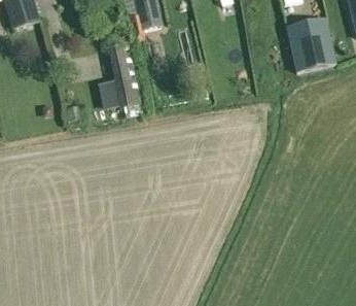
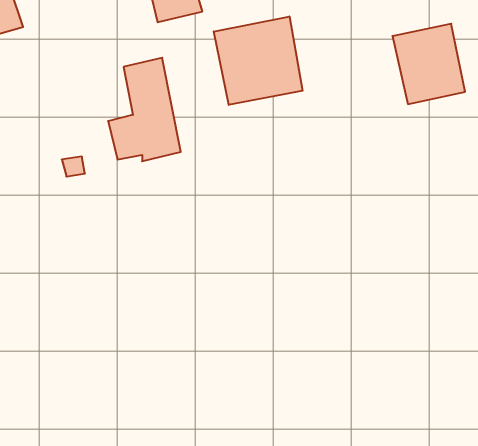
building: none -> [214,16,303,105]

